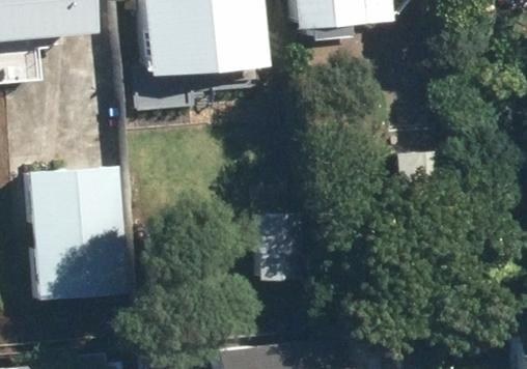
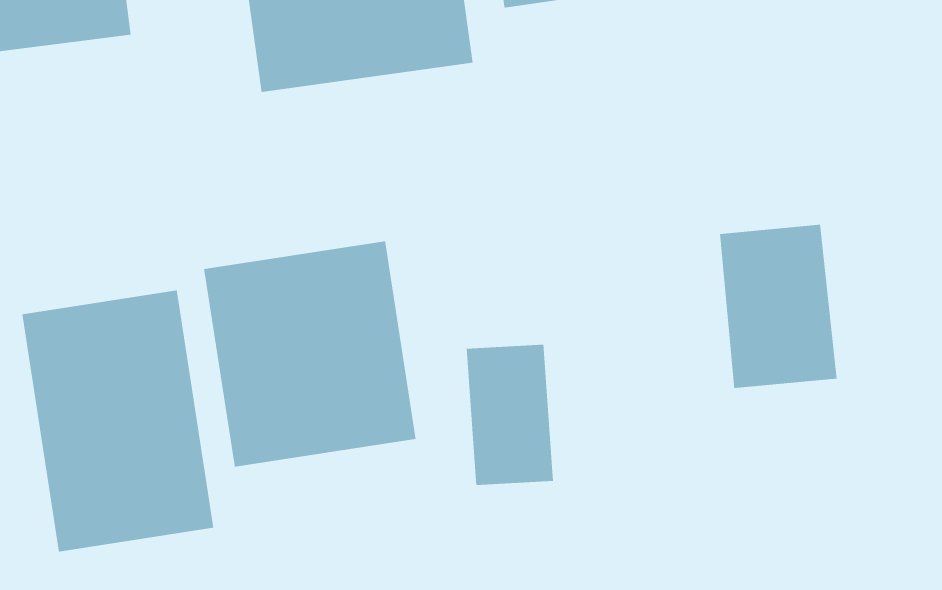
building: none -> [203,240,416,467]

